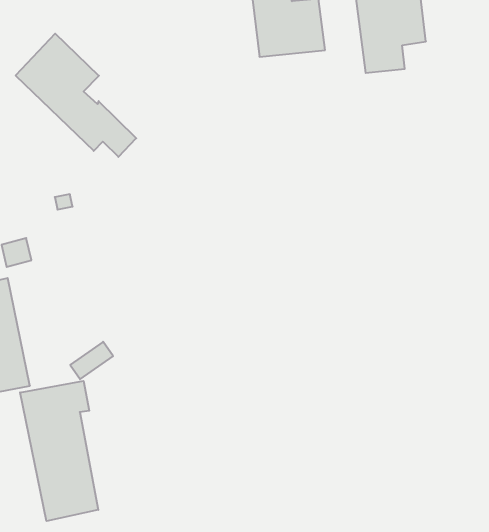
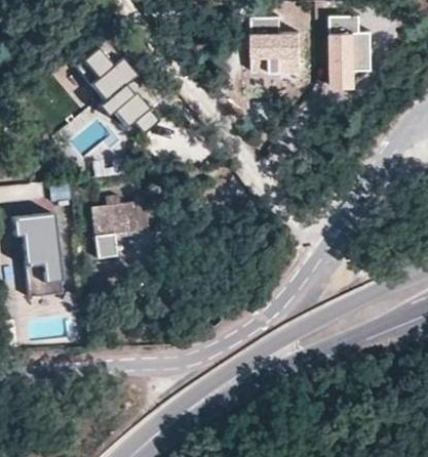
building: none -> [92,196,150,259]
building: [20,381,98,521] -> none

